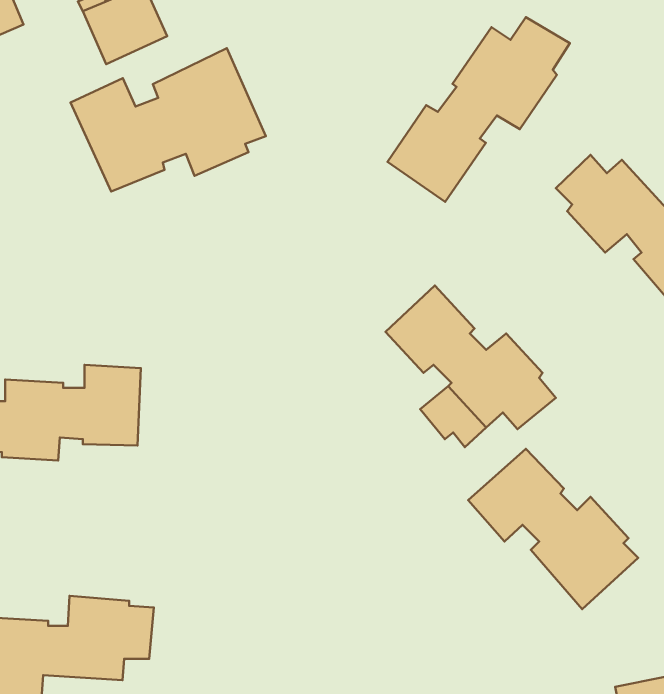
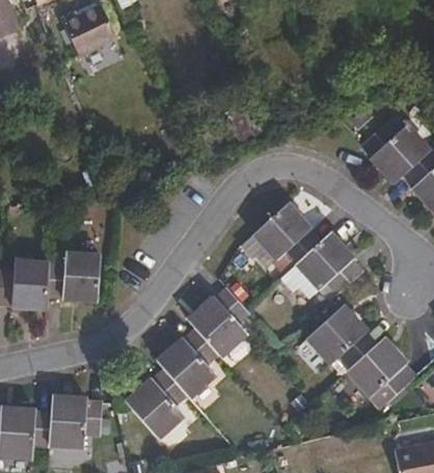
building: [388,17,570,202] -> none
building: [71,48,266,191] -> none
building: none -> [130,286,250,438]

